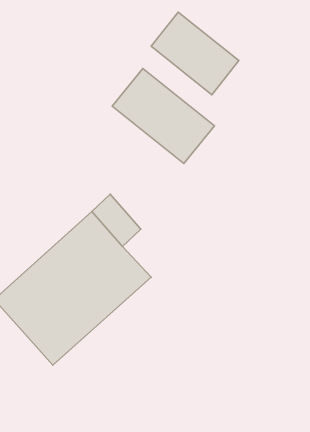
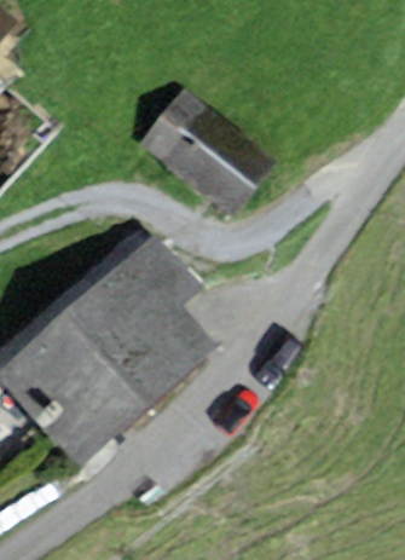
building: [151,12,239,95] -> none

